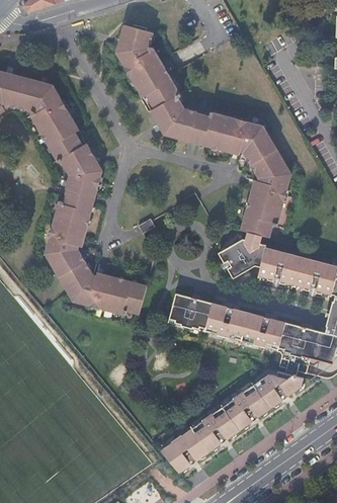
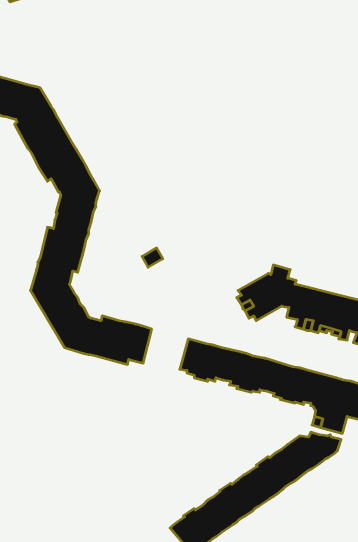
building: [116,24,290,238] -> none

